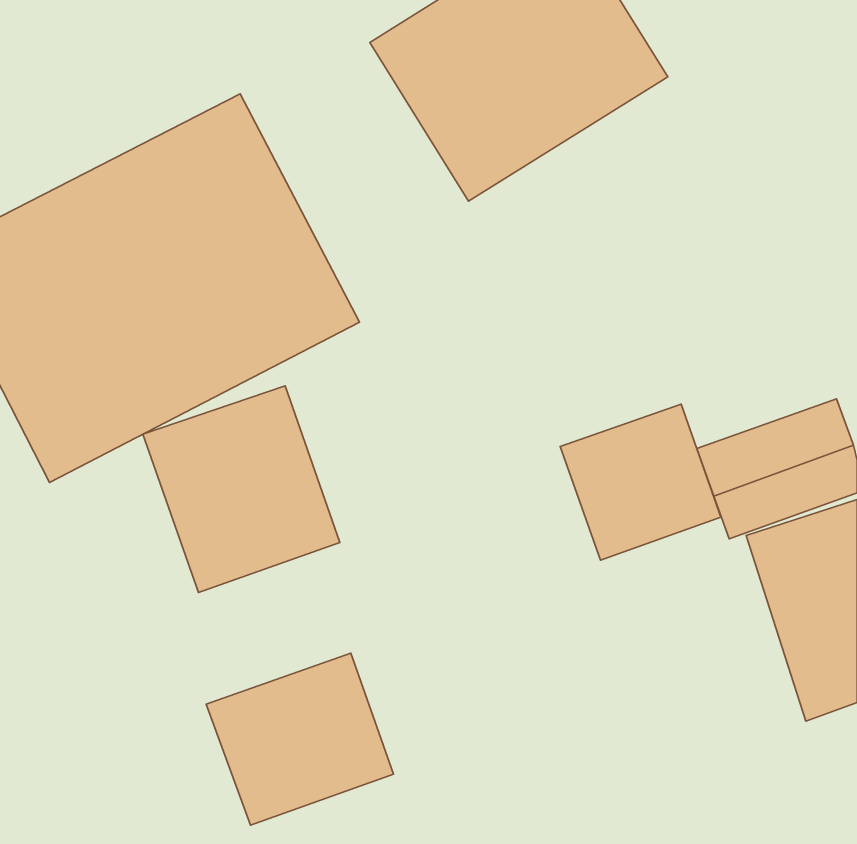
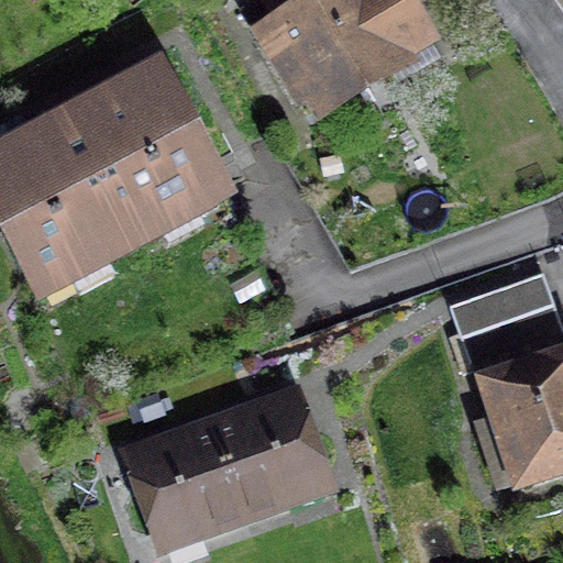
building: [143,386,340,592] -> none
building: [560,404,721,560] -> none
building: none -> [227,389,342,499]

